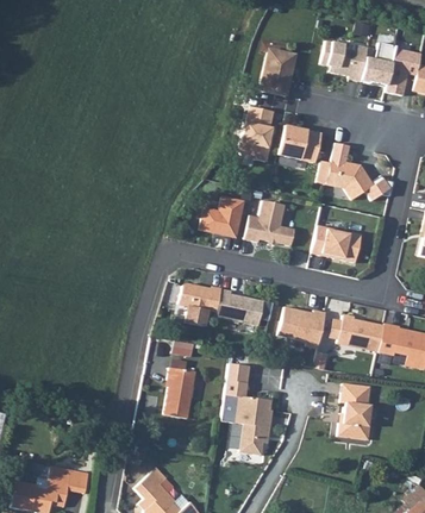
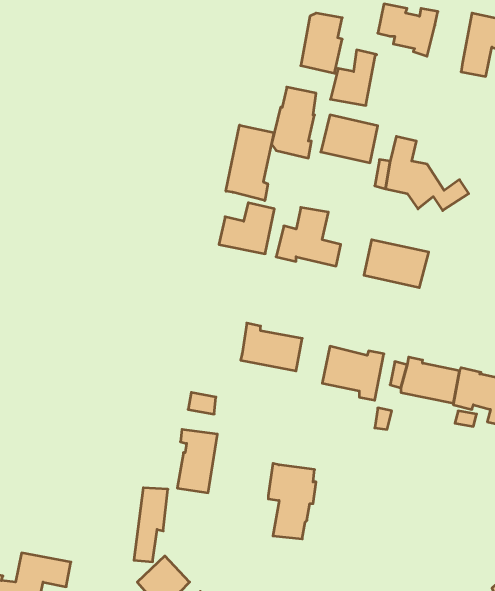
building: [358,44,394,87] -> [330,50,377,105]
building: none -> [226,125,274,201]
building: [177,283,219,326] -> none
building: [221,364,248,421] -> [134,488,168,562]
building: [339,384,370,440] -> none

